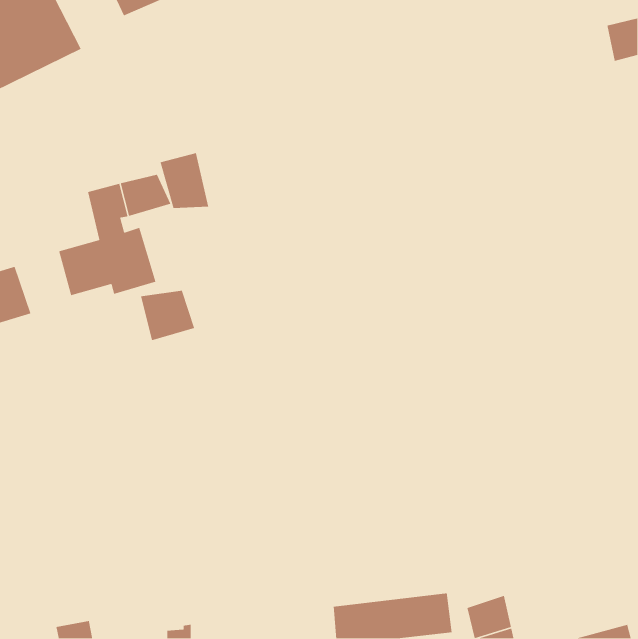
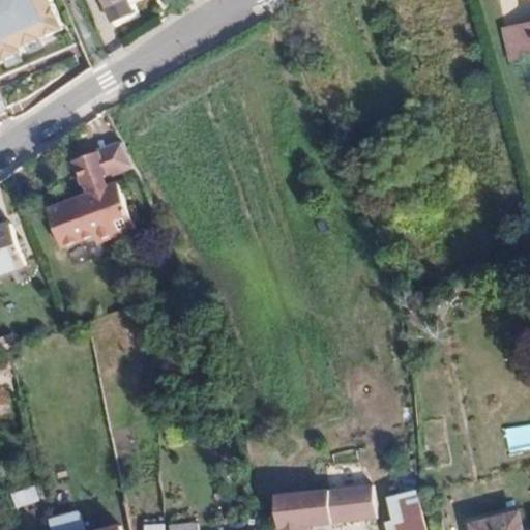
building: [160,152,209,209] -> none
building: [140,290,195,341] -> none

